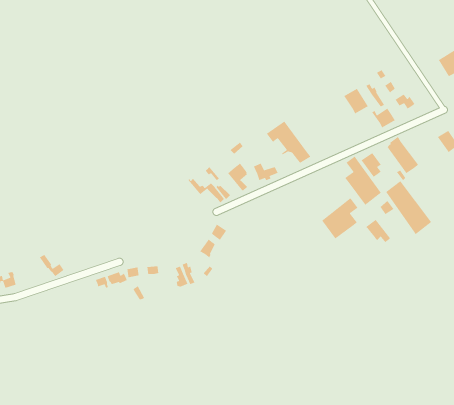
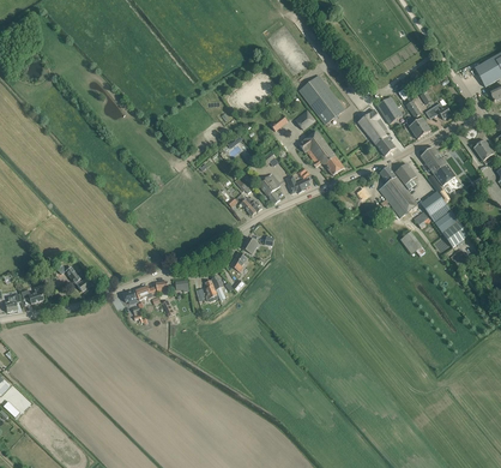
building: none -> [297,73,345,124]
building: none -> [357,109,396,155]
building: [321,197,358,240] -> none

